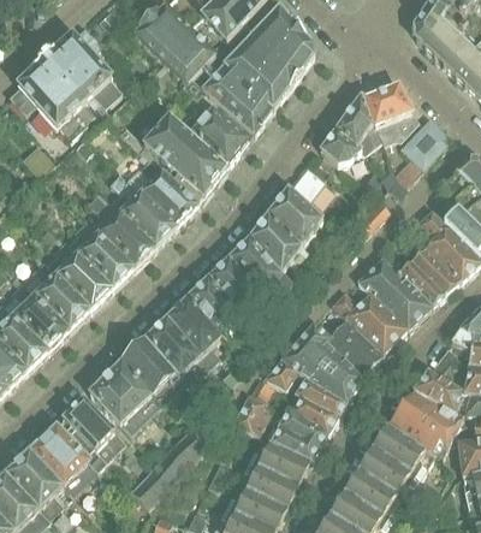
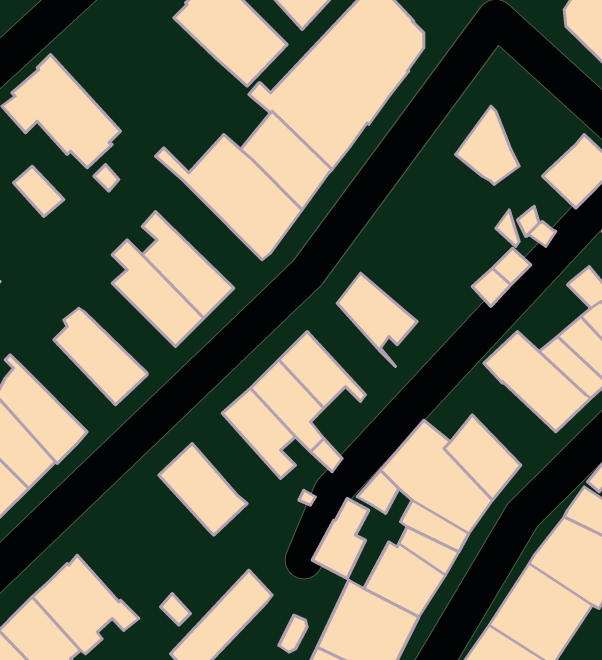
building: [43,26,121,120] -> none
building: [364,84,422,142] -> none
building: [320,130,361,165] -> none
building: [127,158,196,227] -> none
building: [267,166,325,244] -> none
building: [66,213,133,288] -> none
building: [228,237,293,303] -> none
building: [24,253,90,330] -> none
building: [332,292,408,354] -> none
building: [146,316,209,375] -> none
building: [89,361,161,424] -> none
building: [63,397,125,452] -> none

